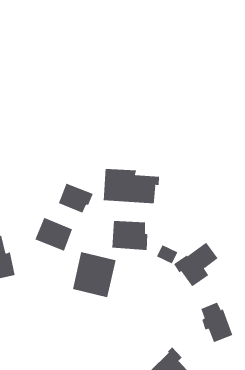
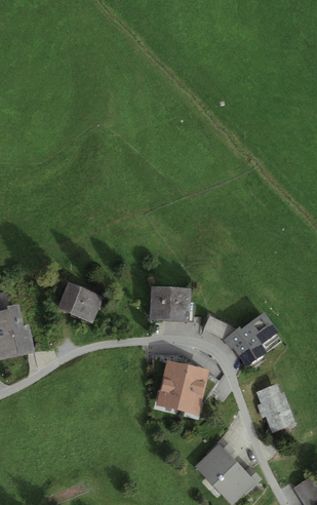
building: [103,168,159,204] -> none
building: [58,183,93,213] -> none
building: [72,252,117,298] -> [155,360,208,416]

